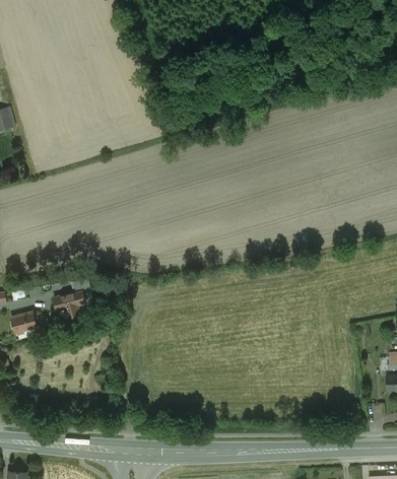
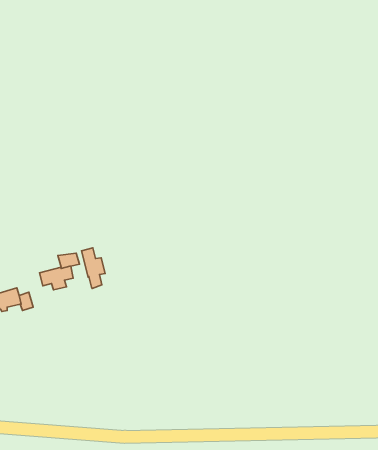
building: none -> [82,248,105,288]

